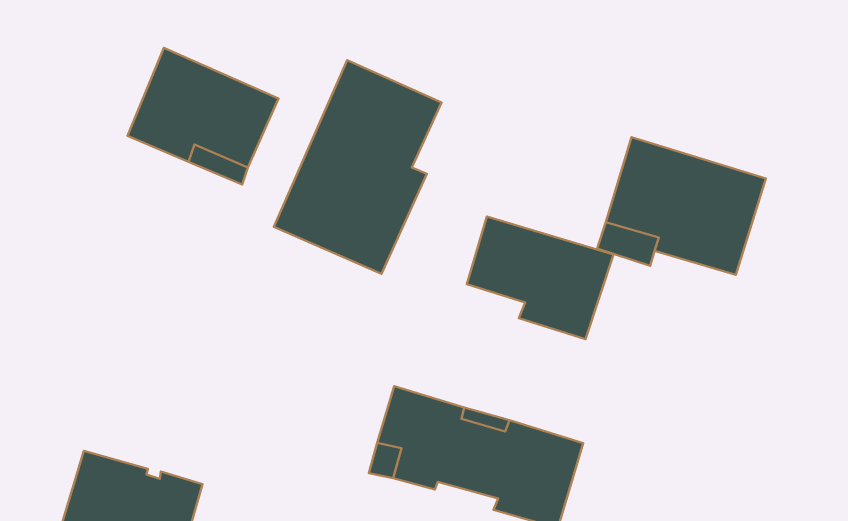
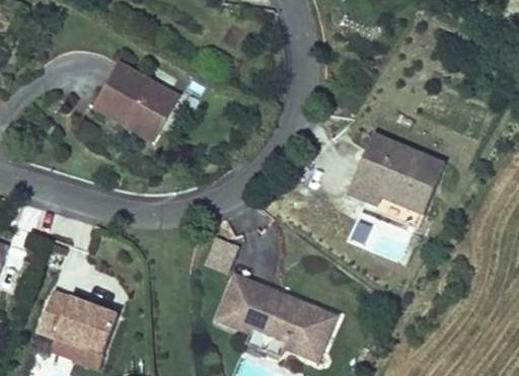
building: [274,60,441,274] -> none
building: [467,216,613,339] -> none

